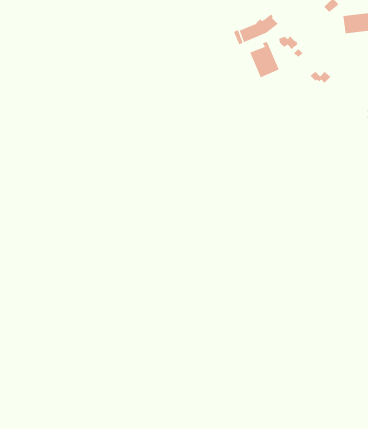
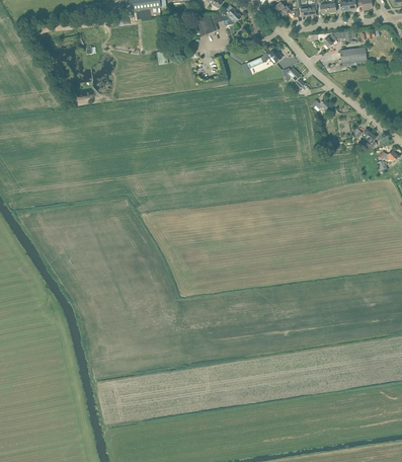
building: [249,41,280,78] -> none

